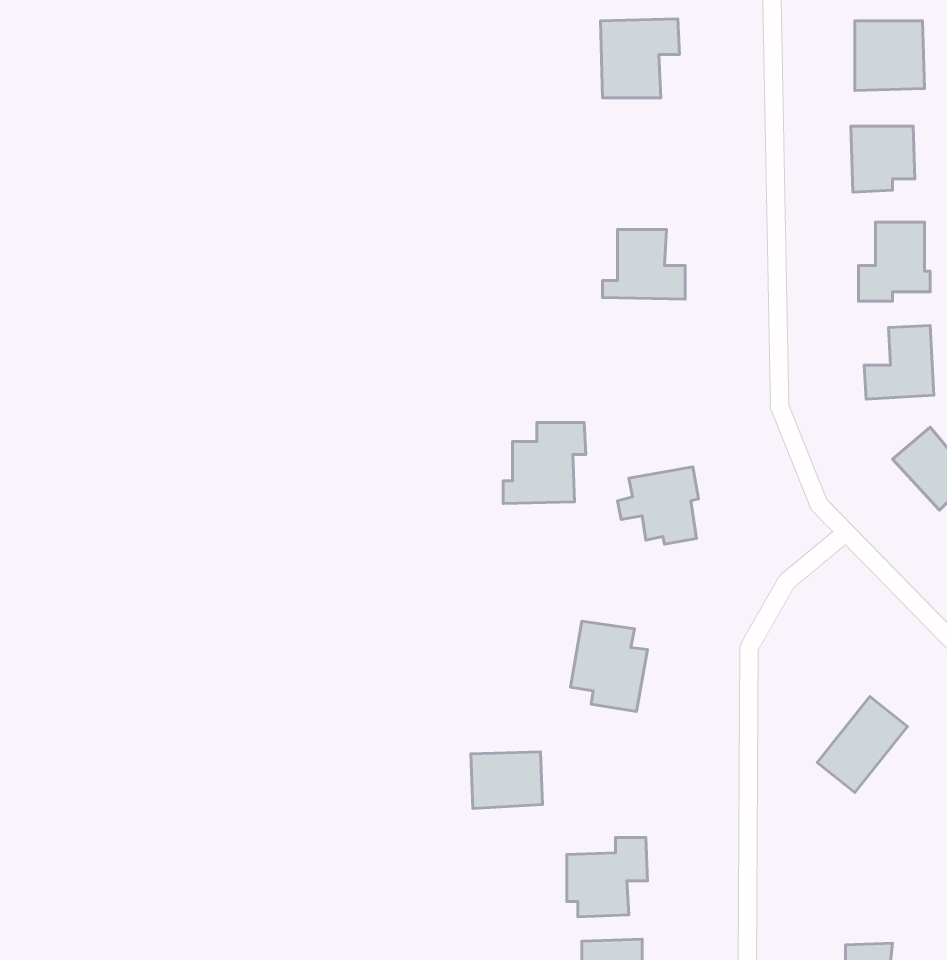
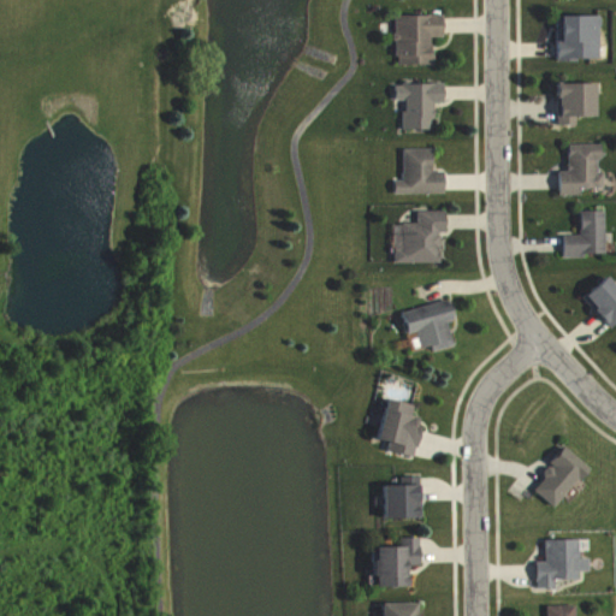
building: none -> [395,83,446,129]
building: [503,423,586,504] -> [396,211,449,262]
building: [471,752,542,808] -> [379,482,425,519]
building: none -> [538,539,592,587]

